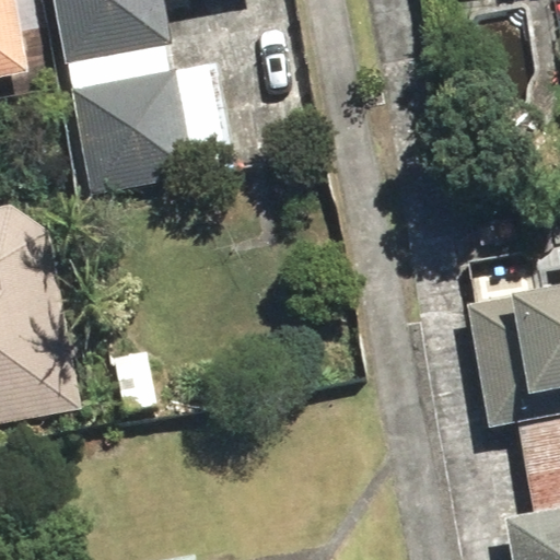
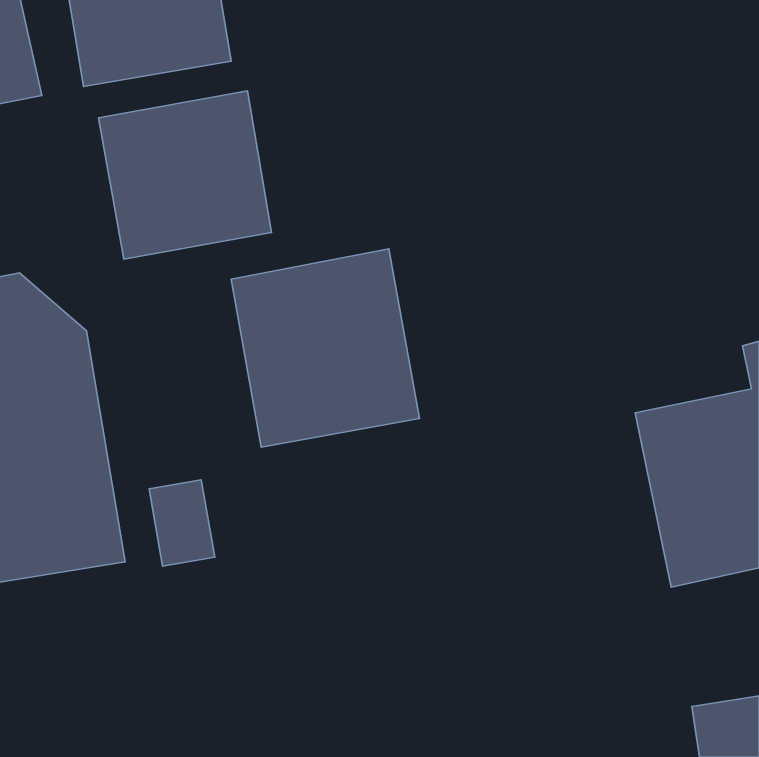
building: none -> [231,249,419,447]

